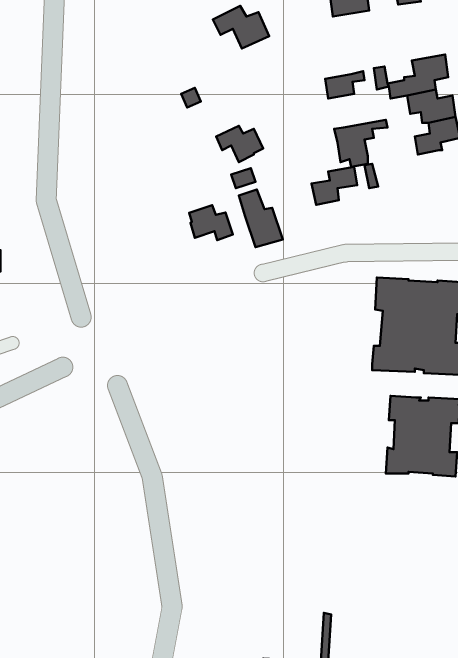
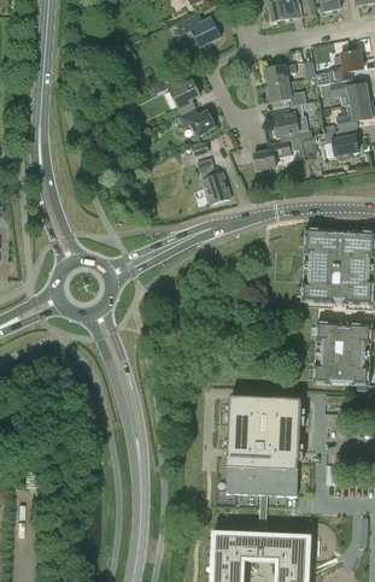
building: none -> [166,74,200,112]
building: none -> [268,82,305,105]
building: none -> [324,127,359,159]
building: [189,205,233,240] -> none
building: none -> [227,395,301,496]

